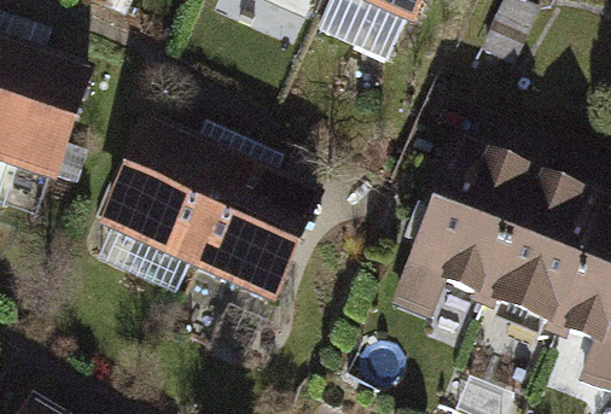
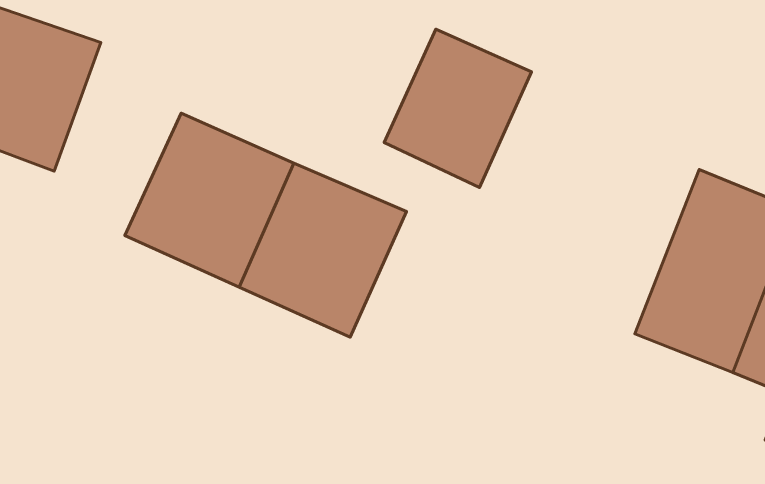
building: none -> [384,29,531,188]
building: [411,144,531,295] -> none

